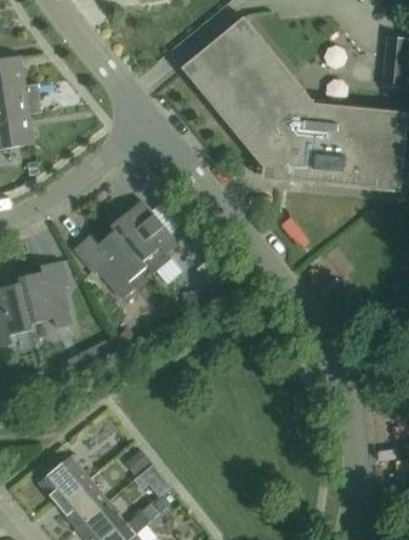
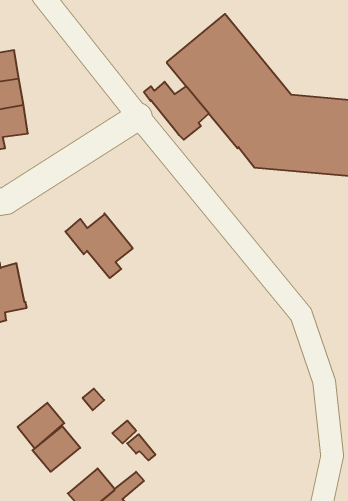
building: [107,209,176,271] -> [144,82,209,140]
building: [17,260,69,326] -> none
building: [57,478,107,527] -> [18,403,64,448]

